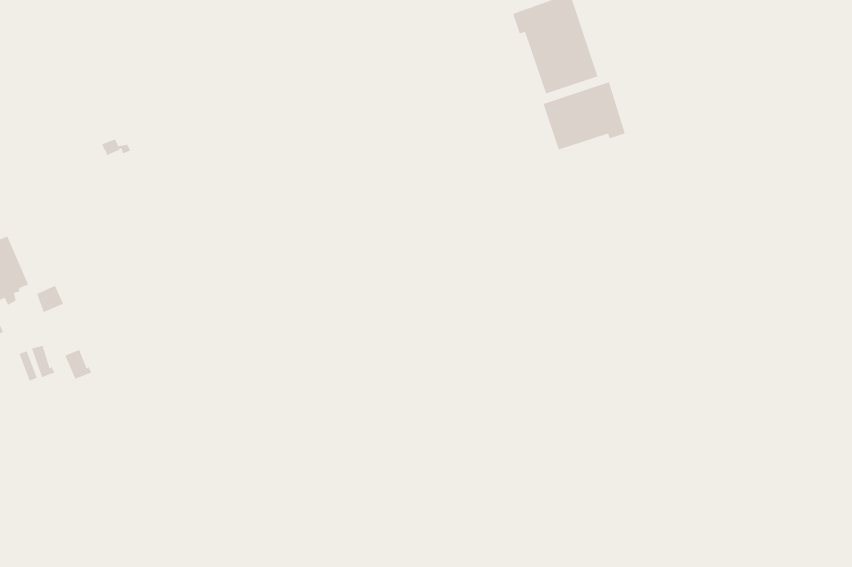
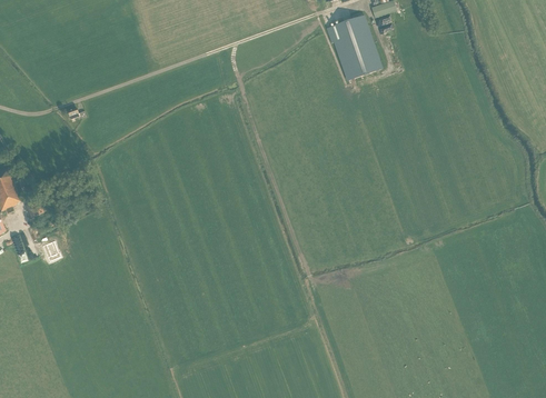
building: [543,81,626,151] -> none

